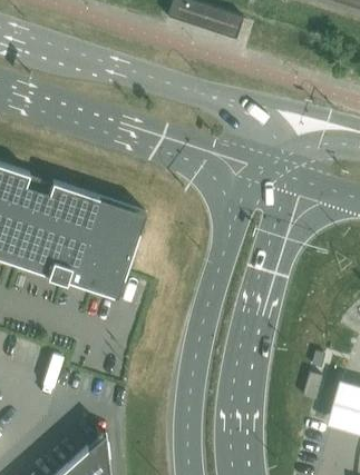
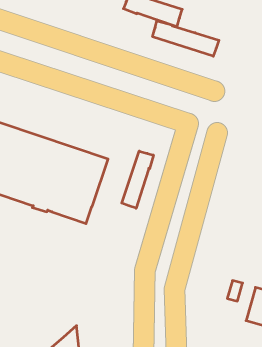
building: none -> [153,21,219,56]
building: none -> [122,151,153,208]

